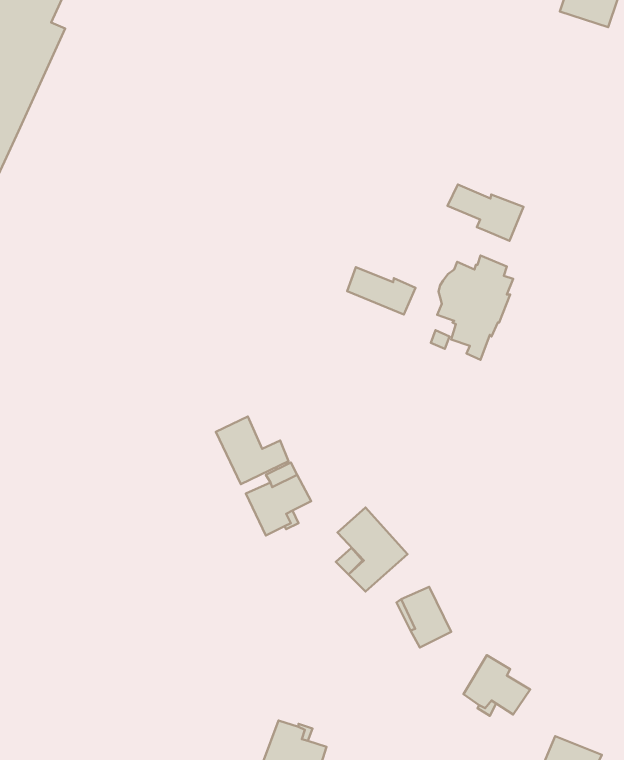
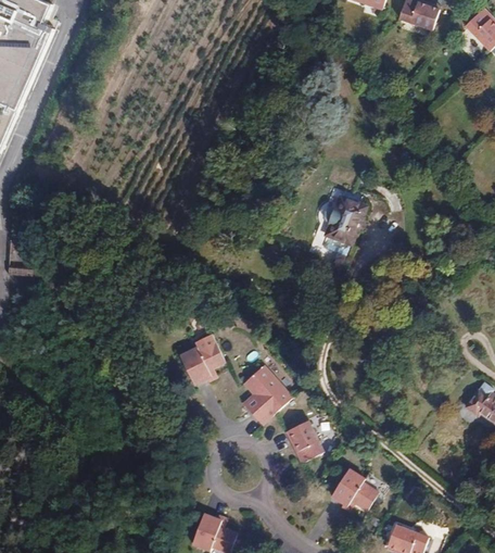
building: [448,185,524,241] -> none
building: [347,267,416,315] -> none
building: [216,416,288,484] -> none

